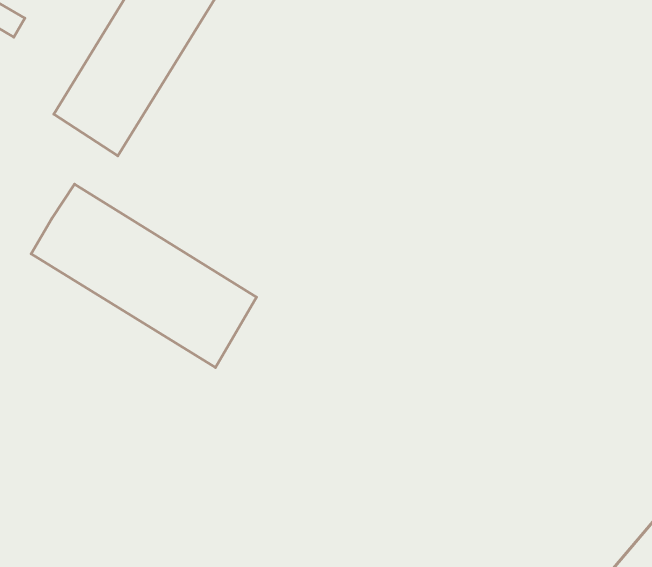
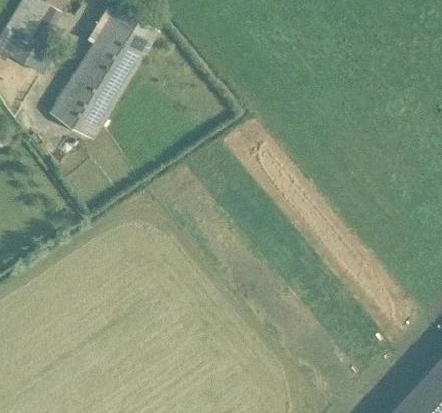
building: [31,184,257,368] -> none

